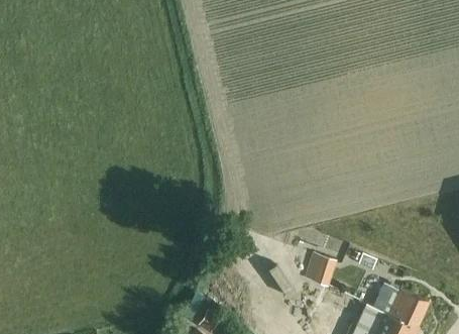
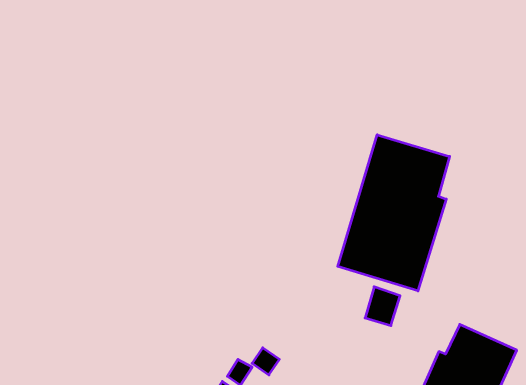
building: none -> [338,135,450,291]

